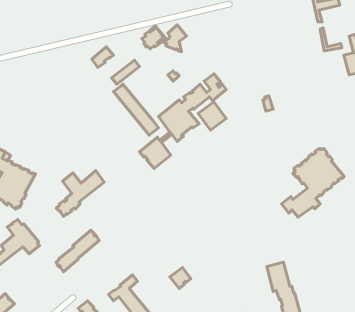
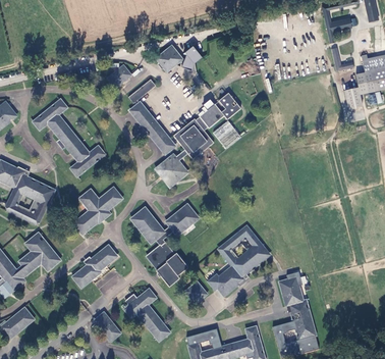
building: none -> [34,99,104,173]
building: [281,149,344,217] -> [208,225,269,293]
building: none -> [132,204,198,286]

